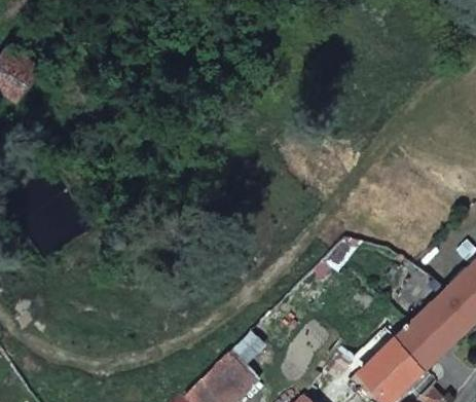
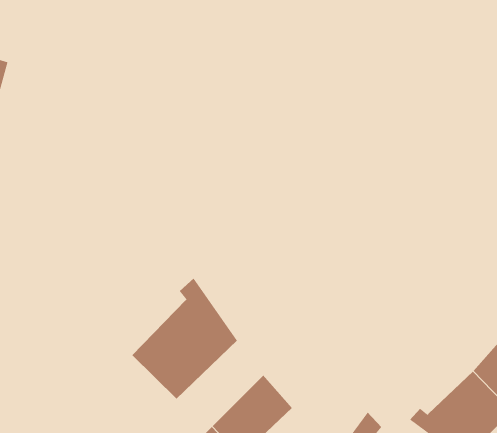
building: none -> [131,278,238,399]

